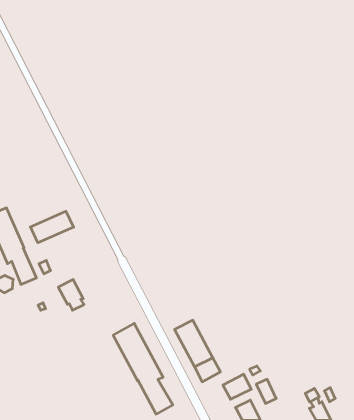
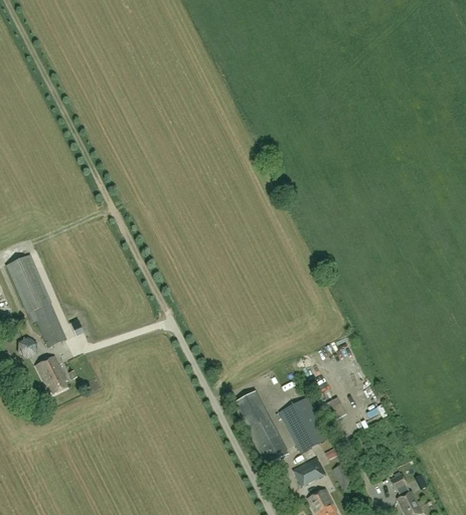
building: [30,211,74,243] -> none
building: [58,280,84,310] -> [36,355,67,392]
building: [113,323,173,414] -> none
building: none -> [279,396,330,453]

